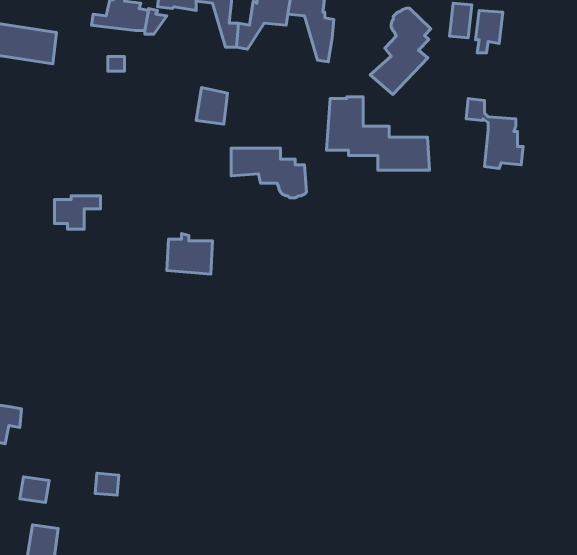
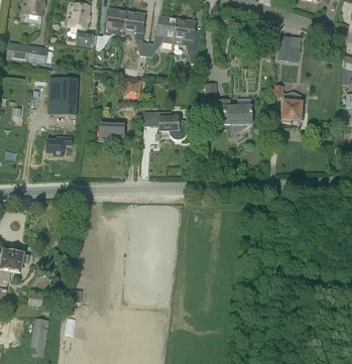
building: [370,8,431,94] -> none
building: none -> [48,77,78,115]
building: [167,234,213,274] -> [99,120,124,142]

